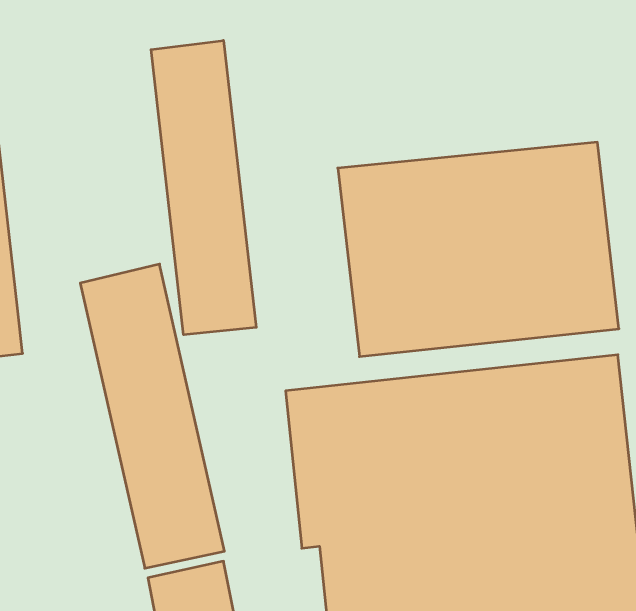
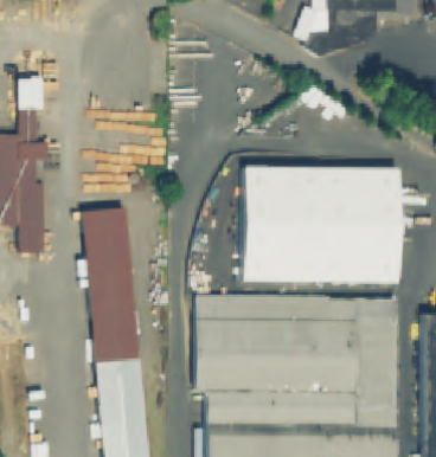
building: [151,40,256,335] -> none

